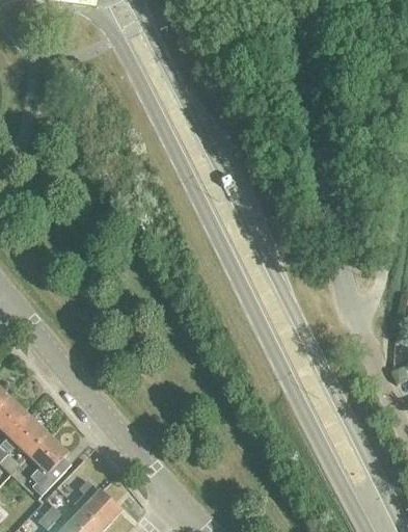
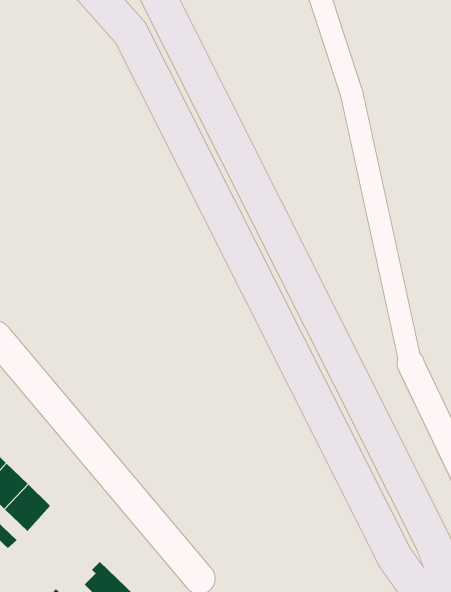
building: [29,434,67,495] -> none

